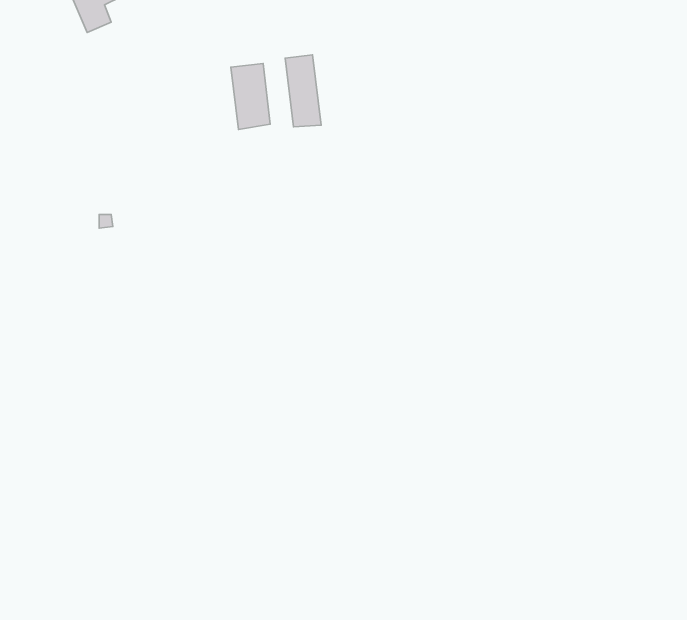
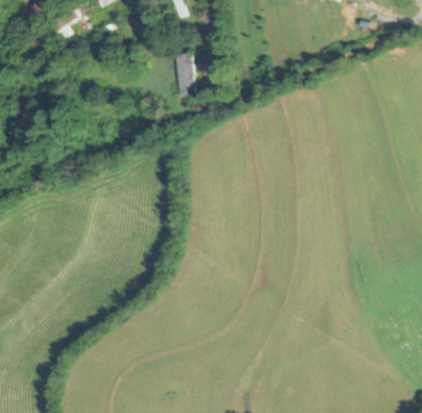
building: [231,63,270,130] -> none

